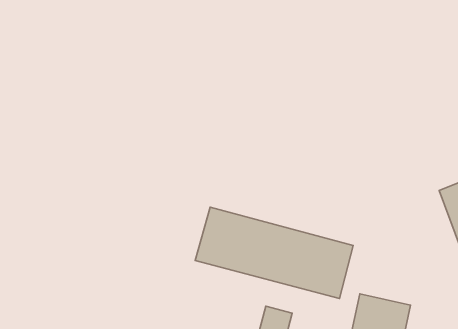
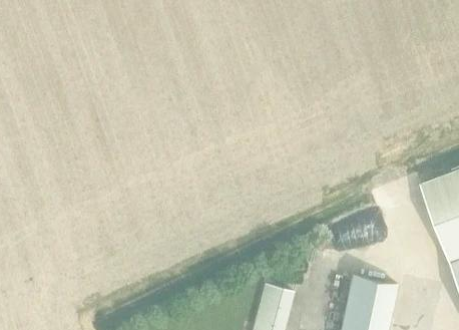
building: [195,207,353,299] -> none

